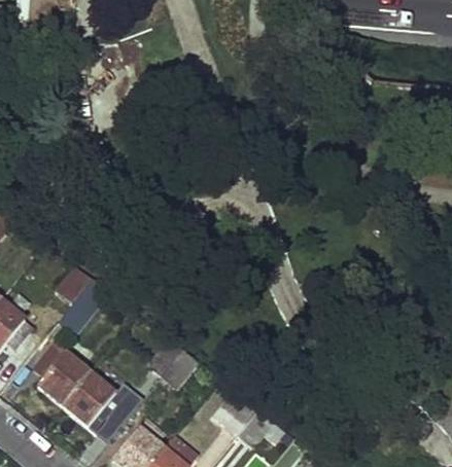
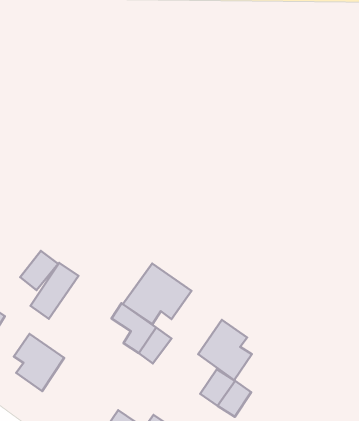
building: none -> [123,263,191,324]
building: none -> [198,320,252,380]
building: [65,374,125,427] -> none

